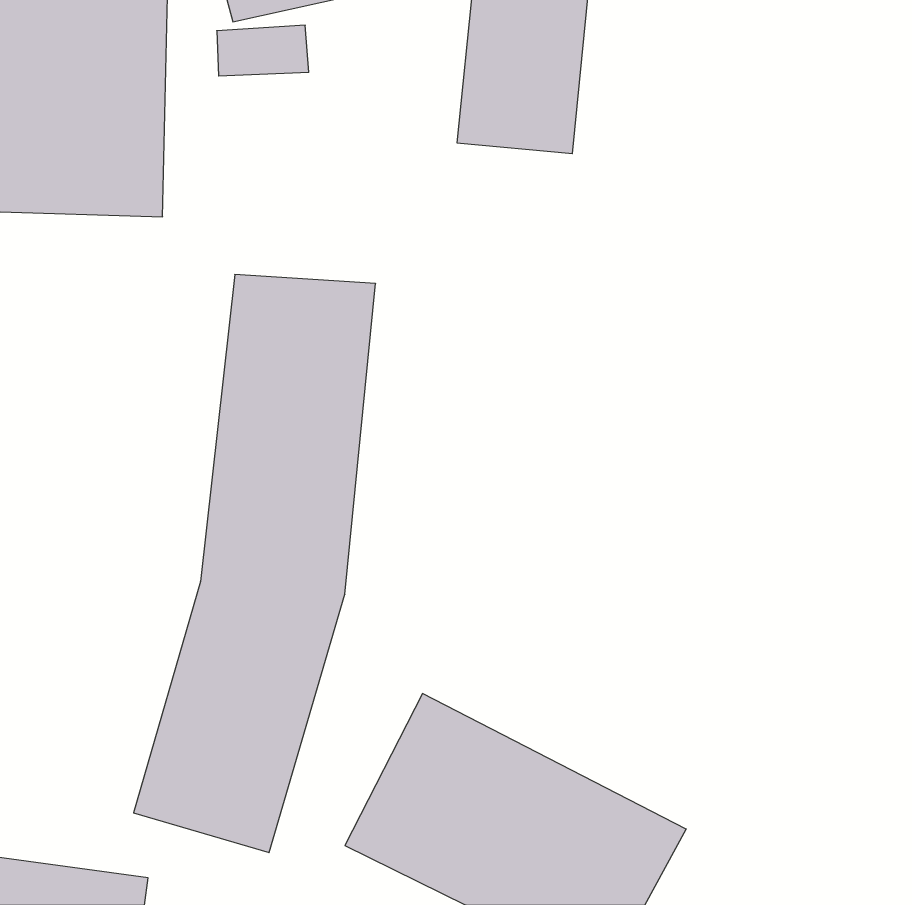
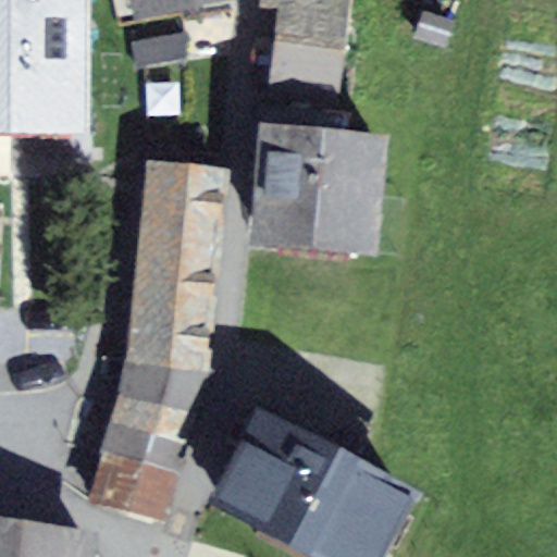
building: none -> [243,120,381,251]

